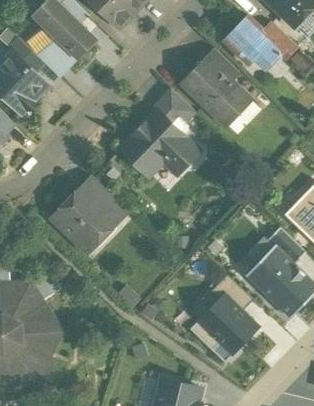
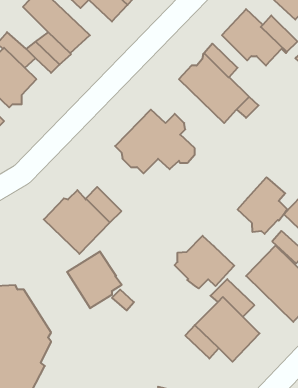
building: [150,87,195,125] -> none
building: none -> [238,177,287,234]
building: none -> [175,236,234,288]
building: none -> [67,251,122,308]

